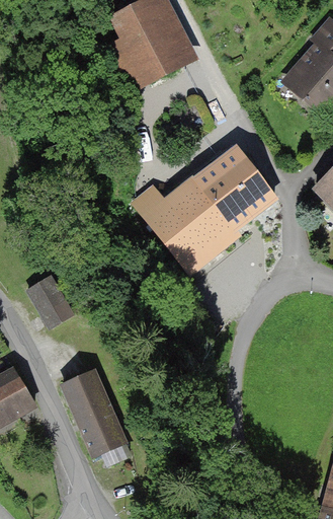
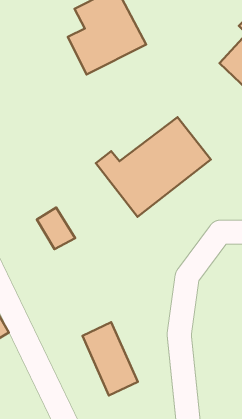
building: [27,277,73,326] -> [37,208,75,249]
building: [61,370,127,457] -> [82,322,138,395]

